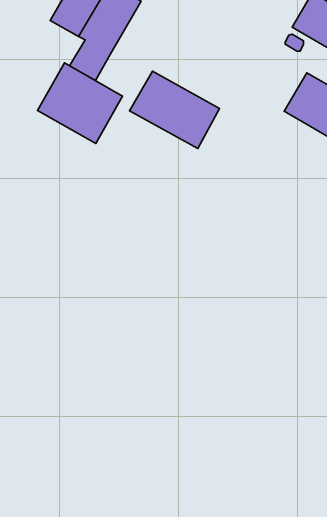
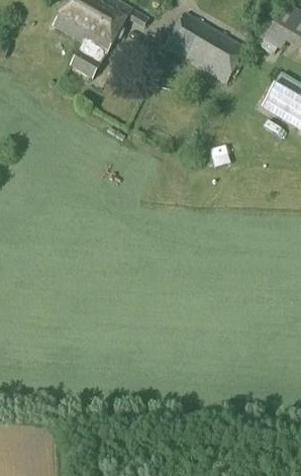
building: [38,63,123,144] -> none
building: [130,71,219,148] -> [165,12,244,81]

